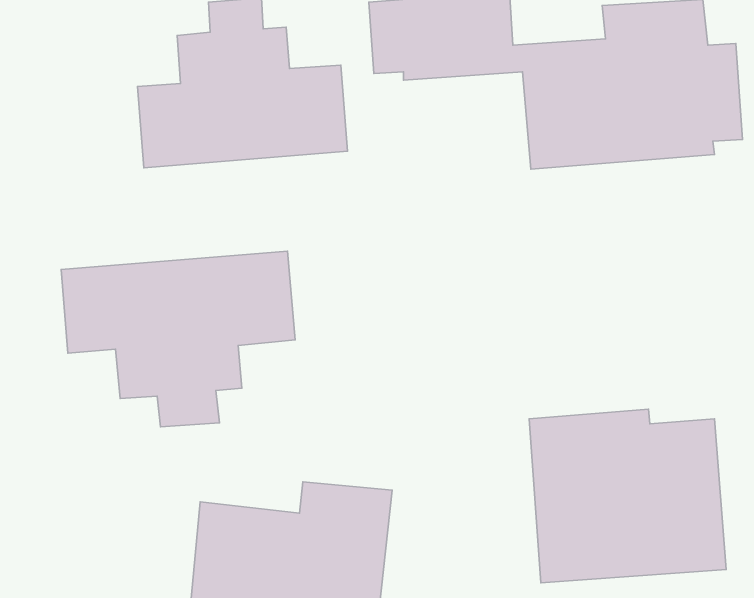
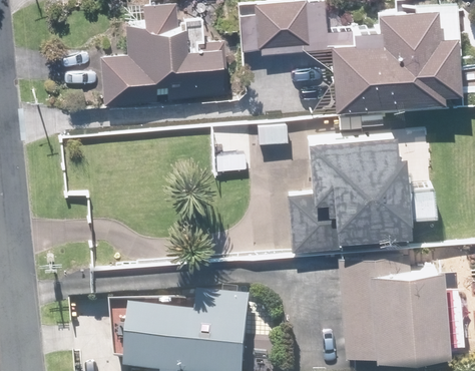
building: none -> [285,125,417,250]
building: [61,251,295,427] -> none

